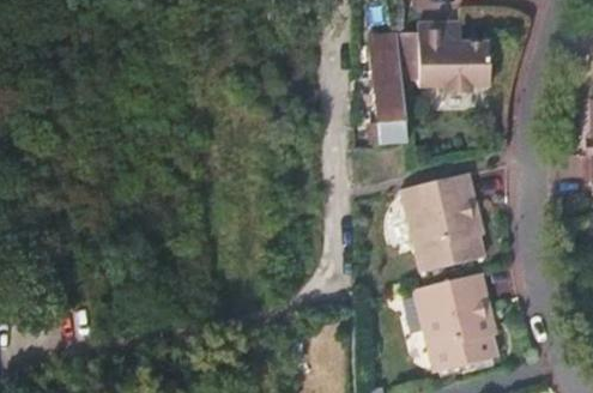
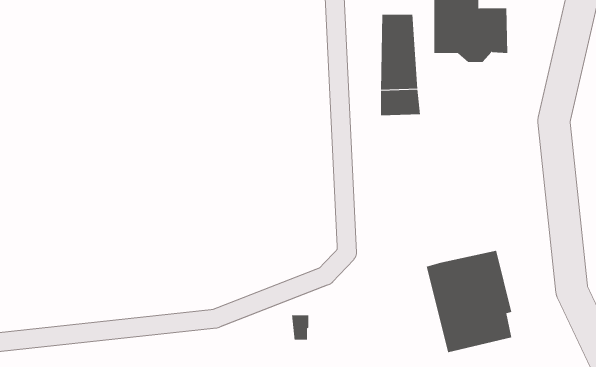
building: [401,173,482,270] -> none

